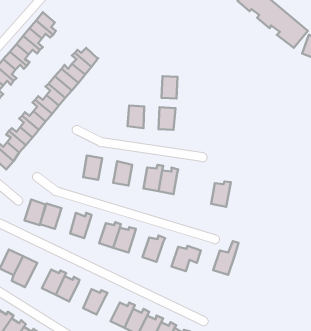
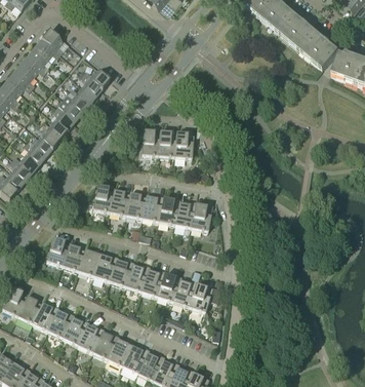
building: [162,76,178,99] -> [158,132,175,157]
building: none -> [109,189,129,216]
building: none -> [141,194,163,222]
building: [211,181,231,207] -> [191,203,212,231]
building: [25,200,45,225] -> [62,243,84,271]
building: none -> [93,254,118,281]
building: none -> [141,269,165,297]
building: [213,241,239,275] -> [172,270,200,307]
building: none -> [32,303,58,331]
building: none -> [77,324,104,352]
building: none -> [107,339,133,366]

